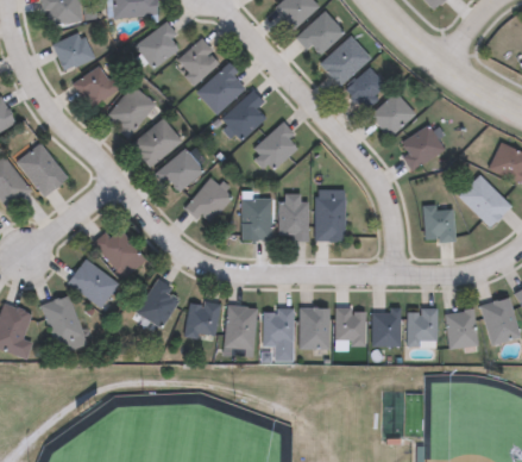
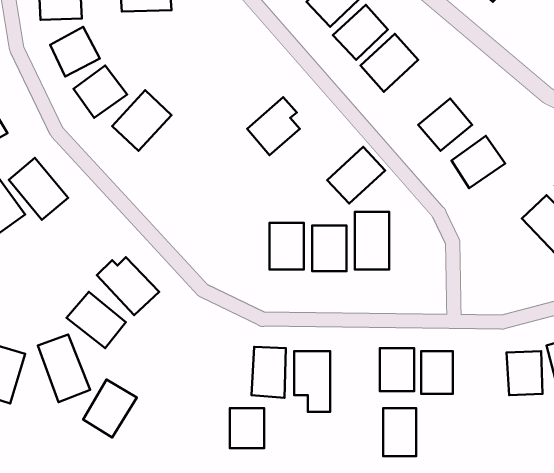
building: [140,20,178,67] -> none
building: [175,38,222,86] -> none
building: [197,64,249,113] -> none
building: [345,67,389,110] -> none
building: [131,118,181,167] -> none
building: [251,123,301,171] -> [327,147,385,203]
building: [157,148,203,193] -> none
building: [184,177,232,226] -> none
building: [422,205,455,242] -> none
building: [137,279,183,329] -> [83,380,137,437]
building: [188,302,218,337] -> [230,408,264,448]
building: [301,307,329,349] -> [383,408,416,456]
building: [408,310,438,346] -> none

